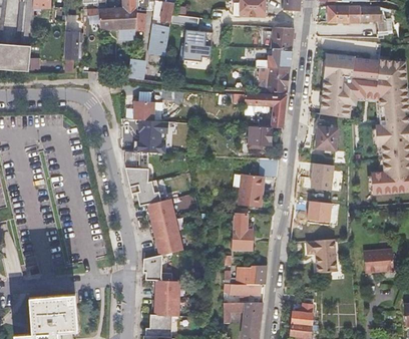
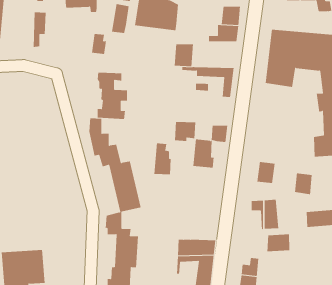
building: [266,67,288,92] -> [174,44,194,67]
building: [247,126,271,148] -> [174,121,196,142]
building: [316,127,336,151] -> none
building: [313,164,333,189] -> [294,173,313,195]
building: [233,214,253,249] -> [153,143,172,175]
building: [237,265,267,285] -> none
building: none -> [267,233,290,252]

